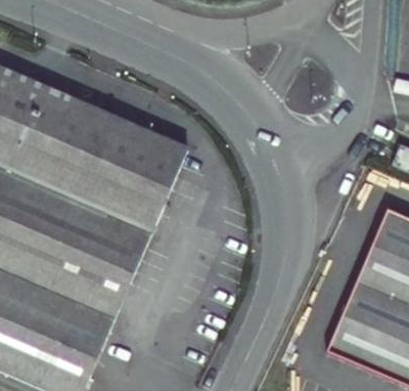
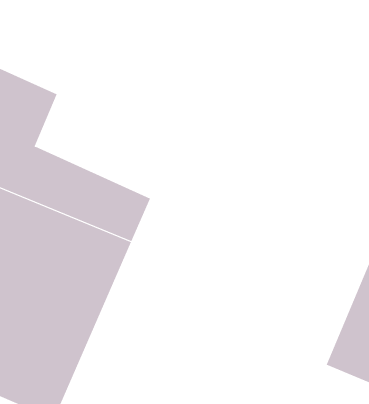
building: [60,99,188,196] -> none

